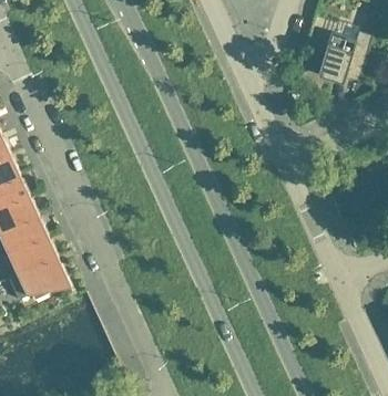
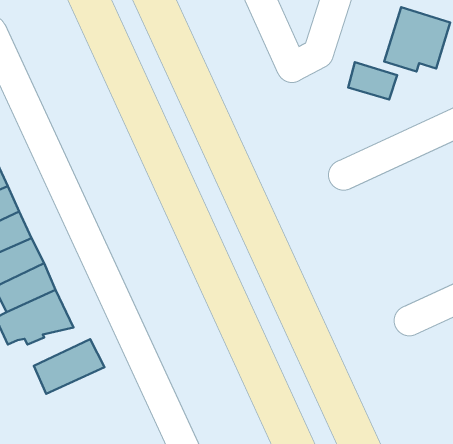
building: none -> [348,62,397,99]
building: none -> [34,339,104,394]

